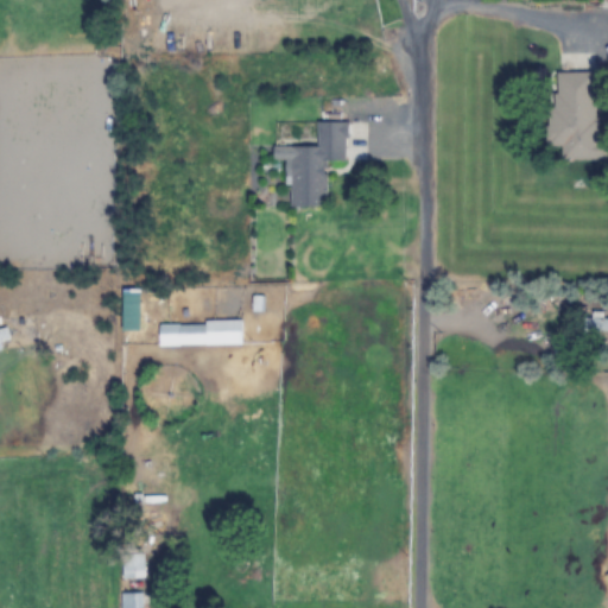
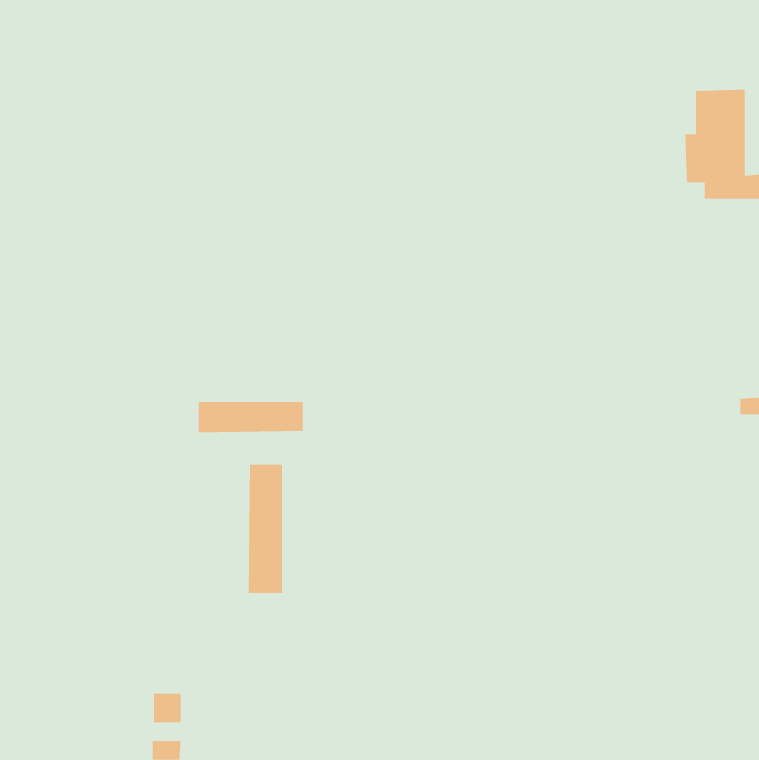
building: [274,121,348,208] -> none
building: none -> [248,464,283,594]

